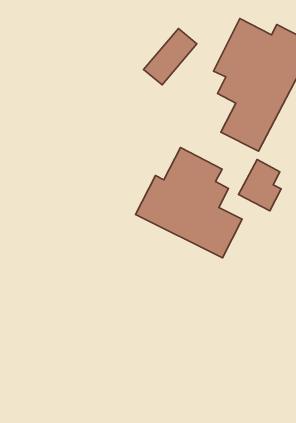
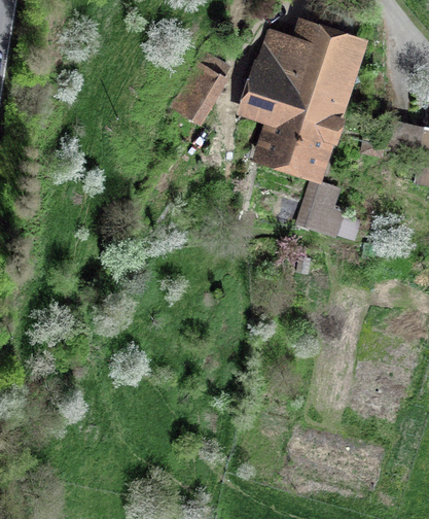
building: [136,147,242,258] -> none

